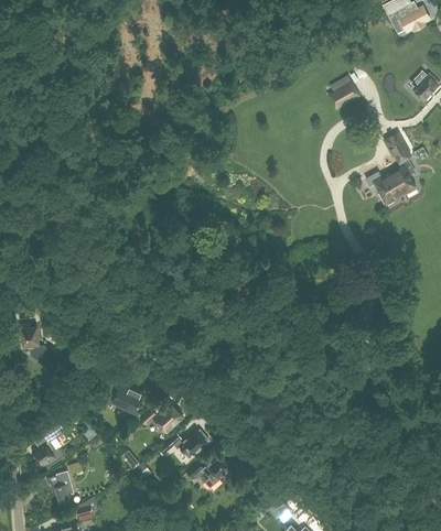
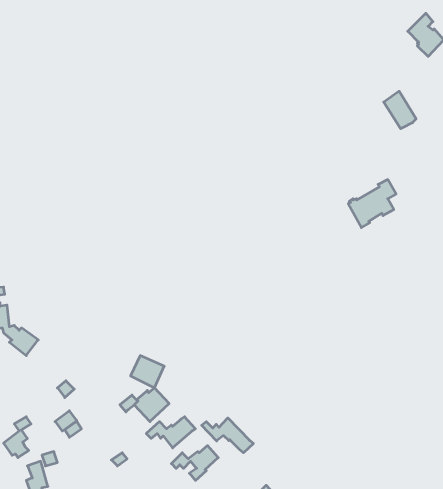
building: [327,75,361,110] -> none
building: [373,160,417,204] -> [348,180,396,228]
building: [112,383,143,413] -> [131,356,164,388]
building: none -> [202,418,253,453]

